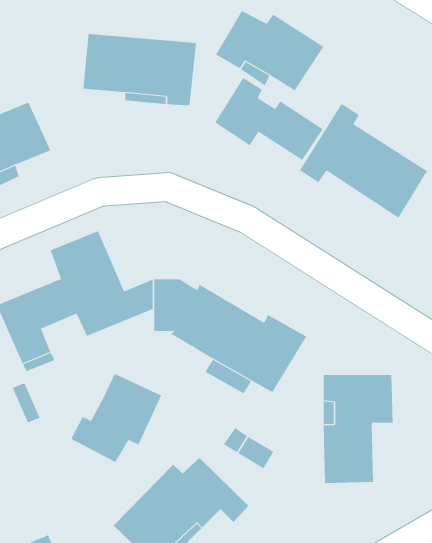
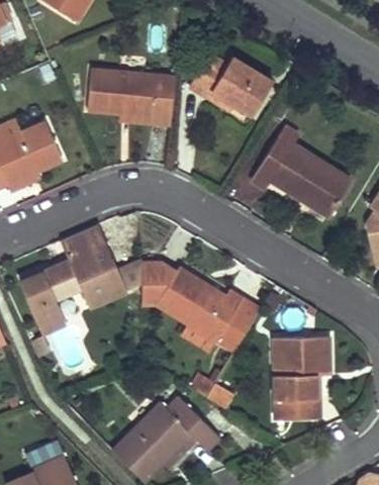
building: [214,77,324,161] -> none
building: [70,373,162,463] -> none

